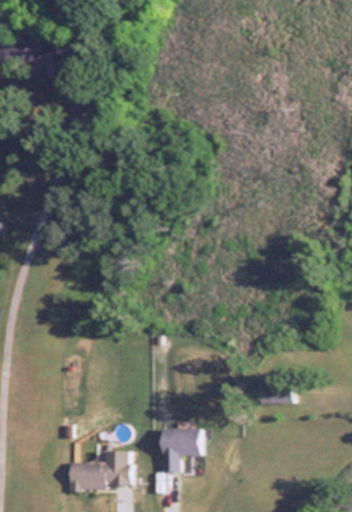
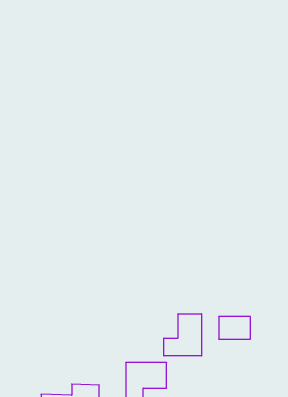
building: none -> [164,314,202,356]

